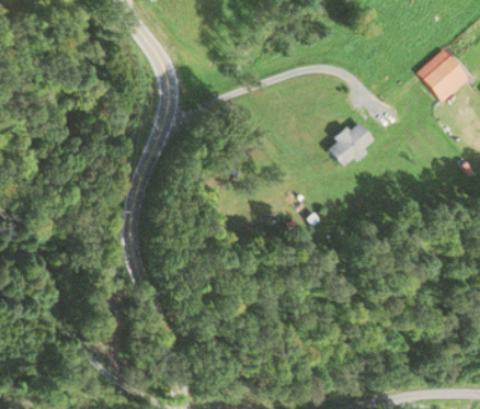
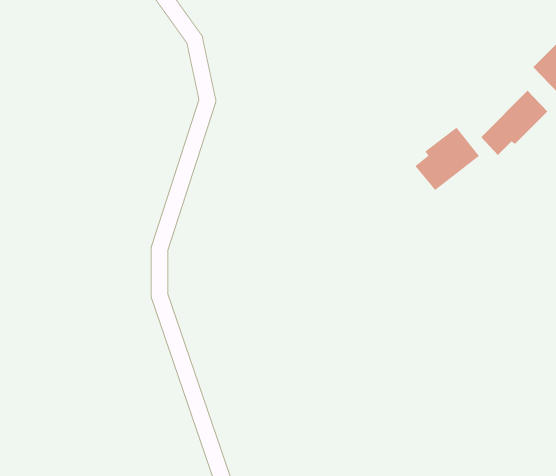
building: none -> [481,90,548,156]

